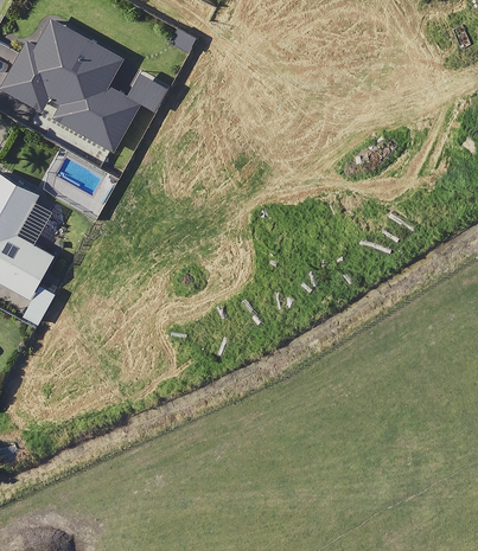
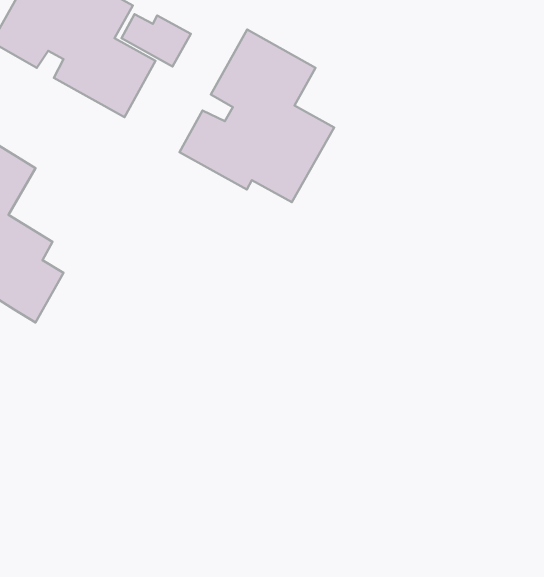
building: none -> [179,29,334,202]

